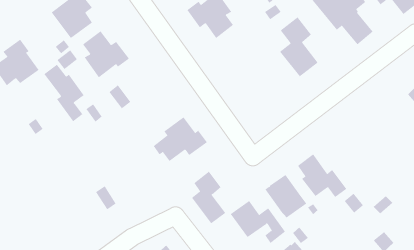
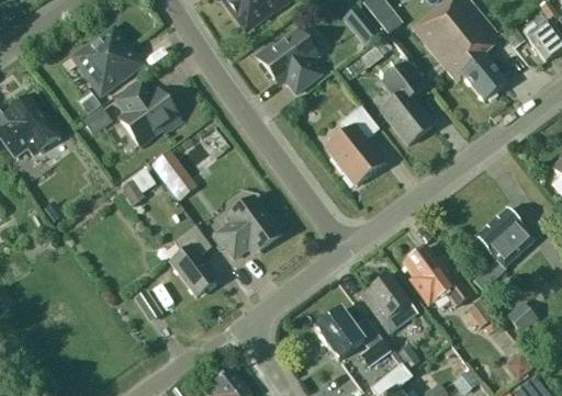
building: none -> [325,106,384,185]
building: [43,64,84,122] -> none
building: none -> [474,208,533,288]
building: [191,171,226,224] -> [170,224,217,295]

